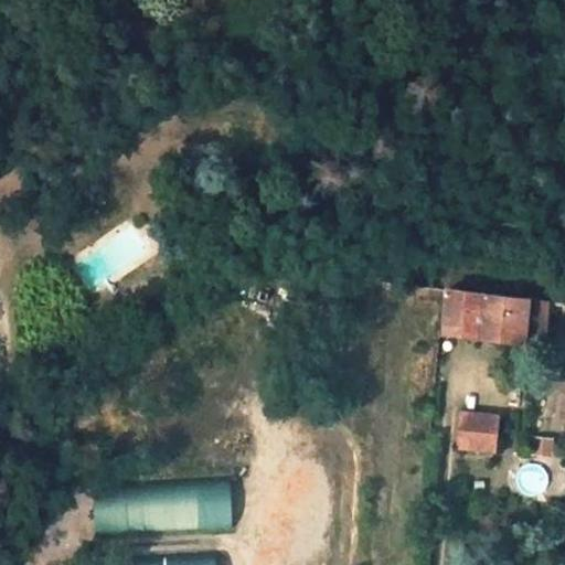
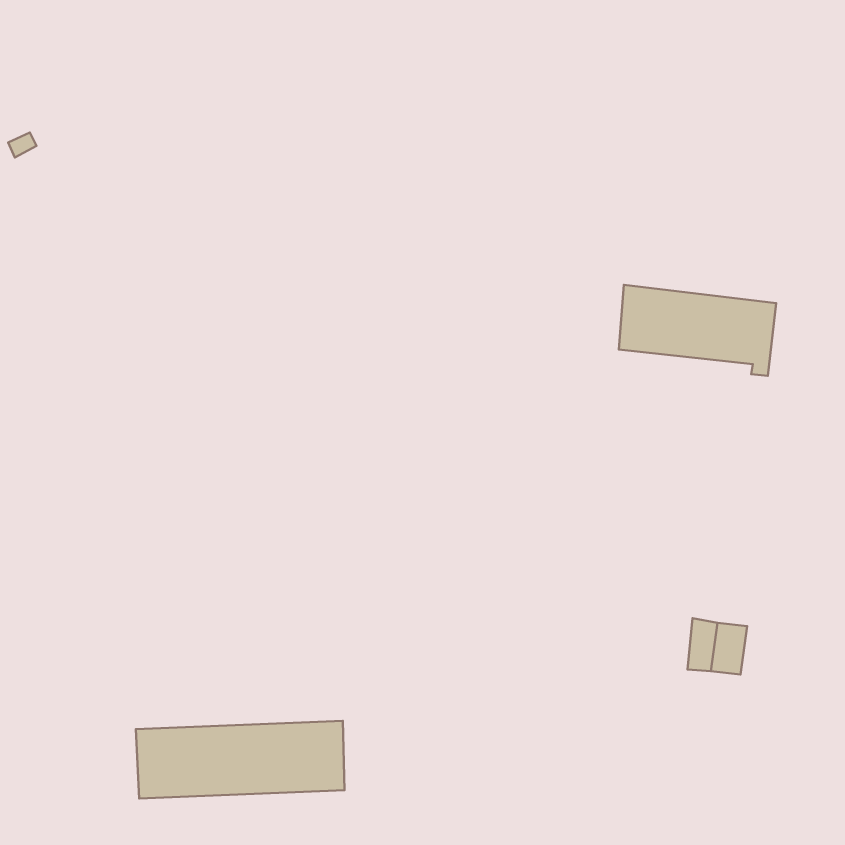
building: [444,290,548,351] -> [619,285,776,376]

